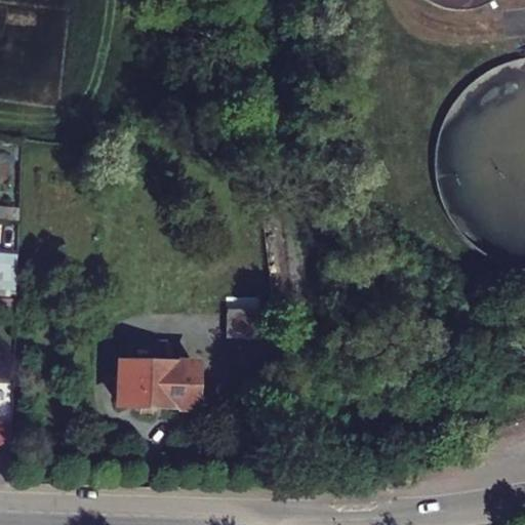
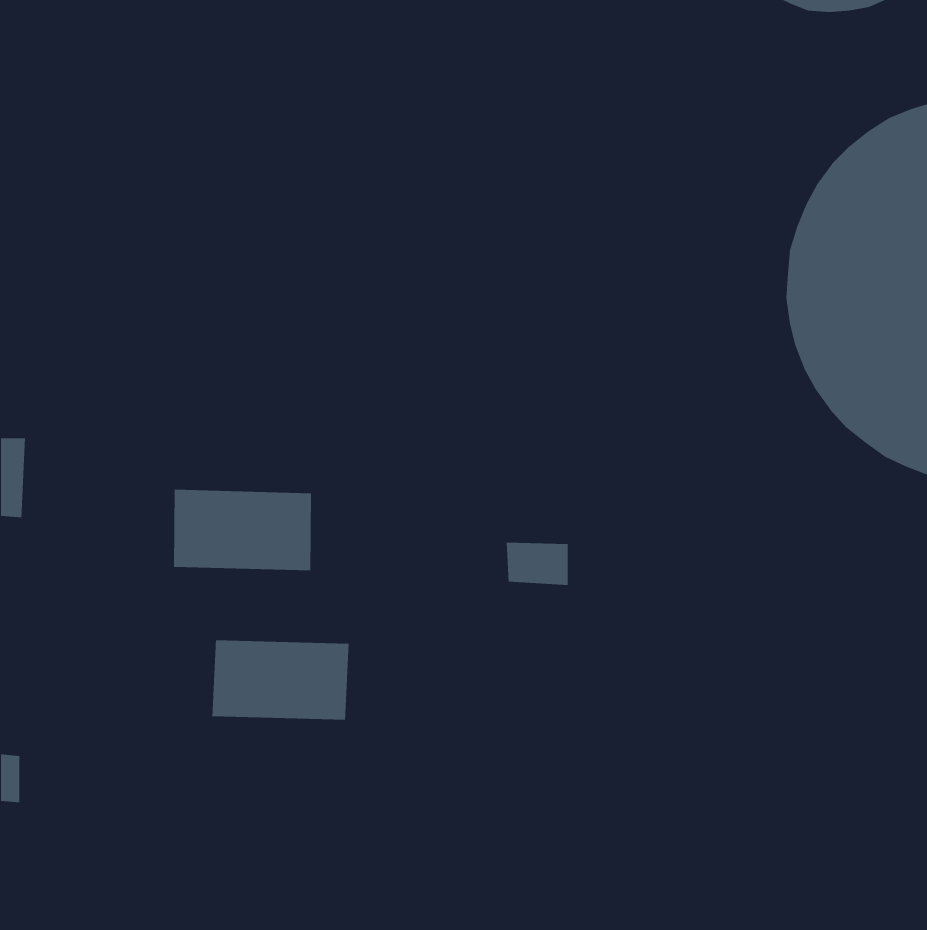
building: none -> [173,489,312,571]
building: [233,309,268,333] -> [506,542,568,586]

